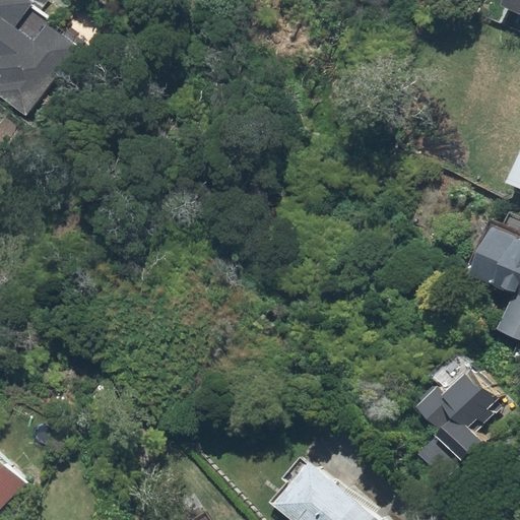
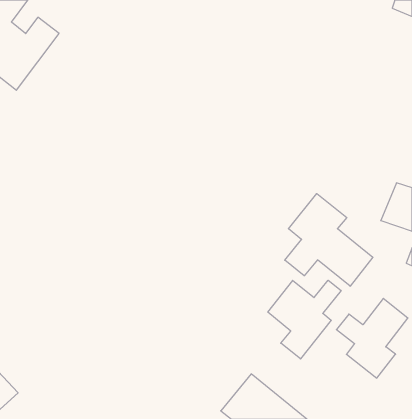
building: none -> [285,194,373,286]
building: none -> [268,280,341,359]

